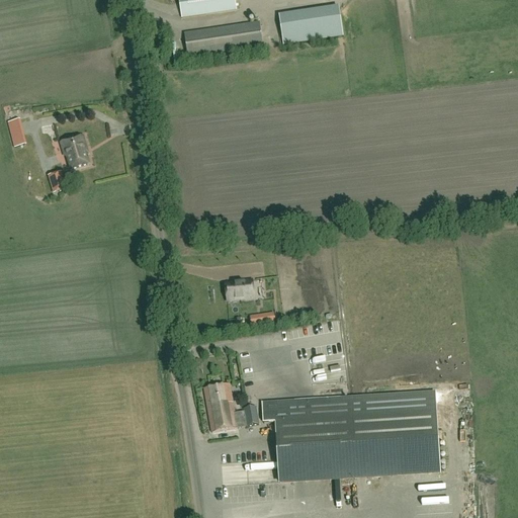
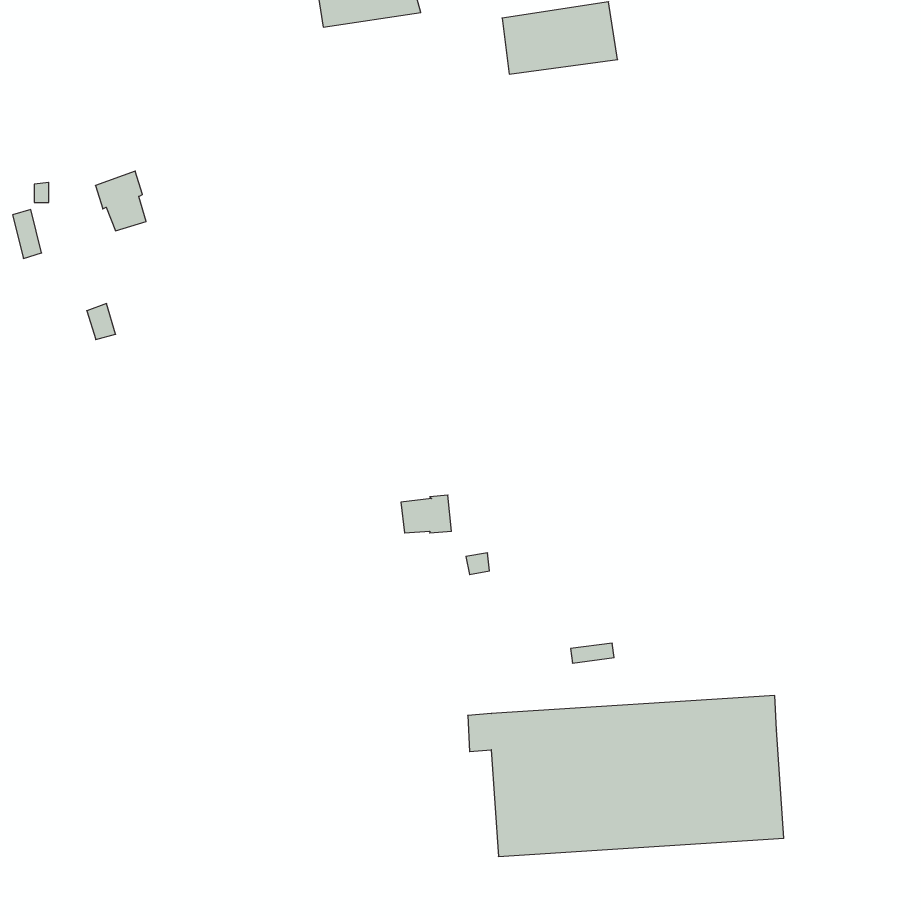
building: [184,20,262,57] -> none
building: [59,133,87,166] -> [95,171,146,231]
building: [203,380,258,430] -> none

